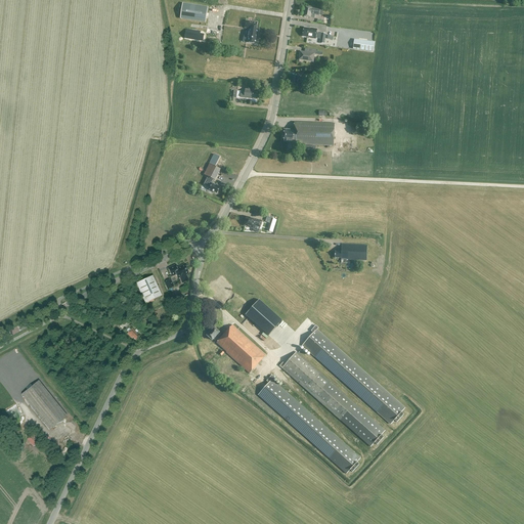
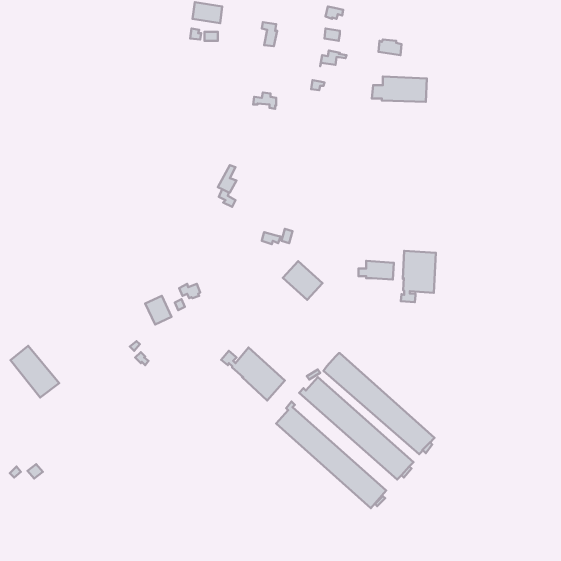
building: [282,121,334,144] -> [372,76,427,102]
building: none -> [401,251,436,302]
building: [245,299,281,335] -> [283,261,322,300]
building: [20,380,66,428] -> [11,346,59,398]

